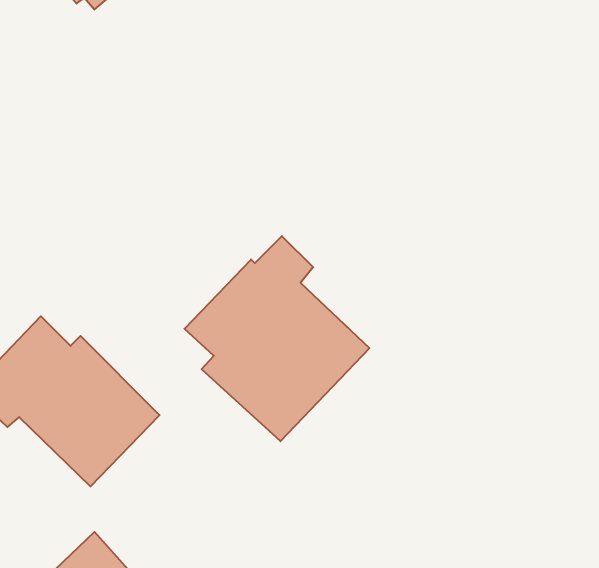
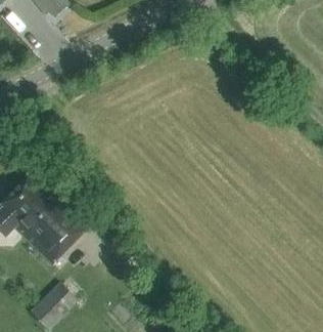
building: [184,236,369,441] -> none

